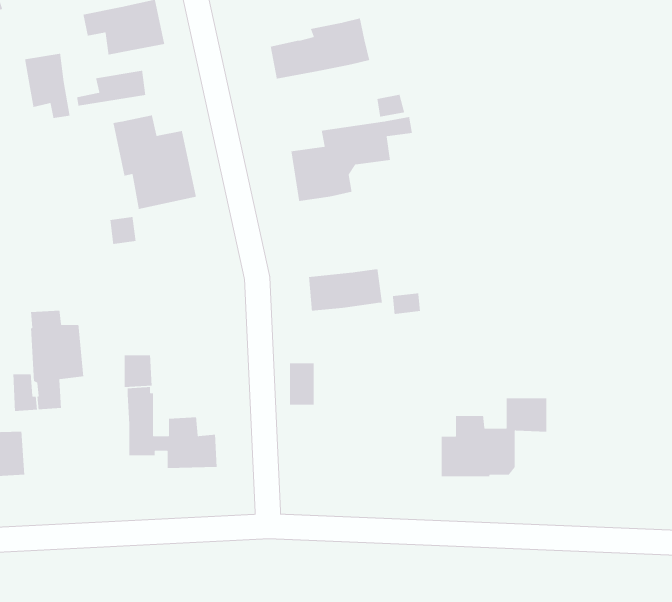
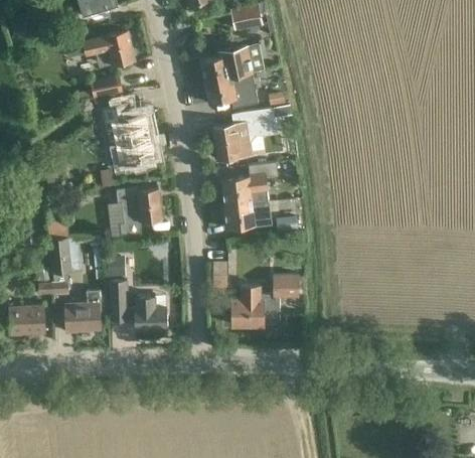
building: [24,53,70,119] -> none
building: none -> [205,78,259,109]
building: none -> [222,163,278,207]
building: none -> [117,188,163,236]
building: [441,398,547,477] -> [232,276,300,326]
building: none -> [64,290,102,332]

